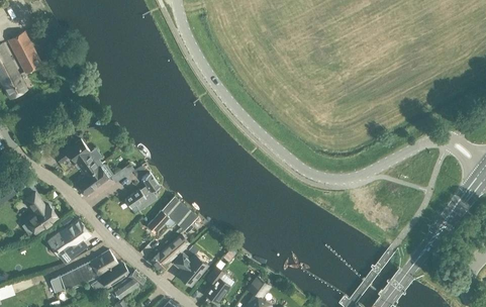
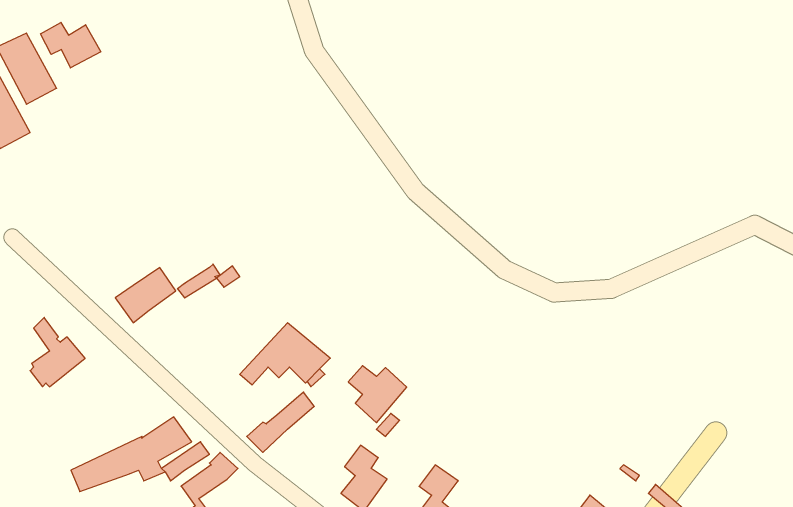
building: none -> [41,22,101,68]
building: [55,139,102,176] -> none
building: [124,173,159,209] -> none
building: [47,220,89,259] -> none
building: [174,254,207,287] -> [348,366,407,423]

